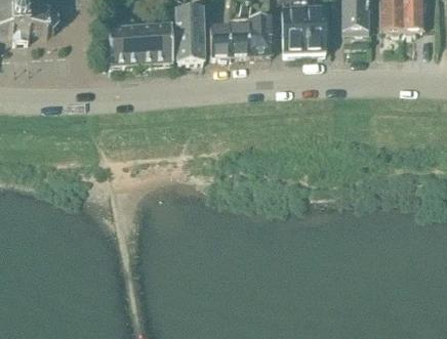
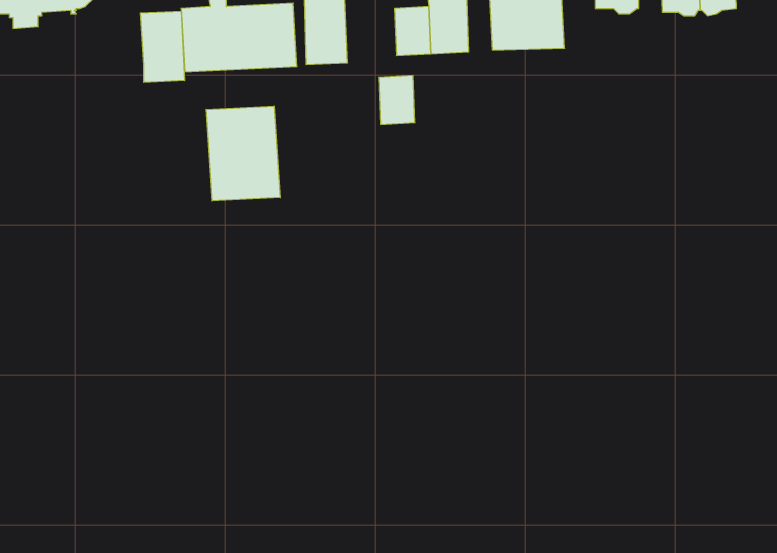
building: [209,26,230,53] -> [379,76,415,124]
building: none -> [140,11,185,82]
building: none -> [206,106,280,201]

